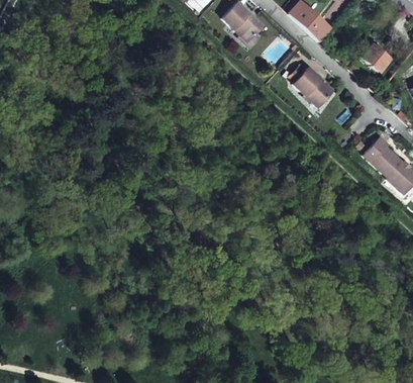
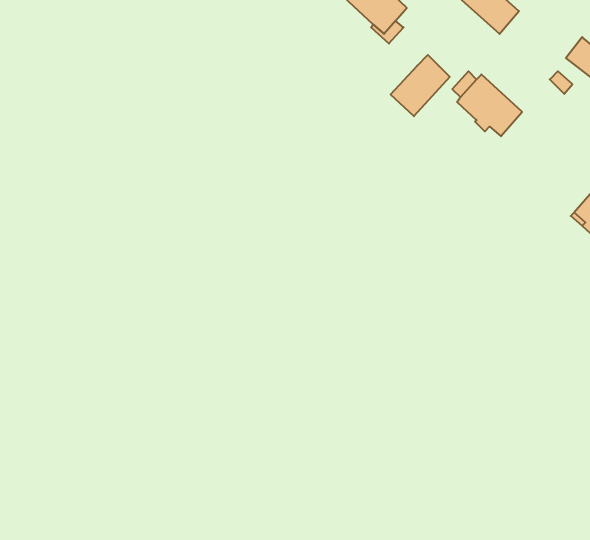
building: none -> [391,55,450,116]

